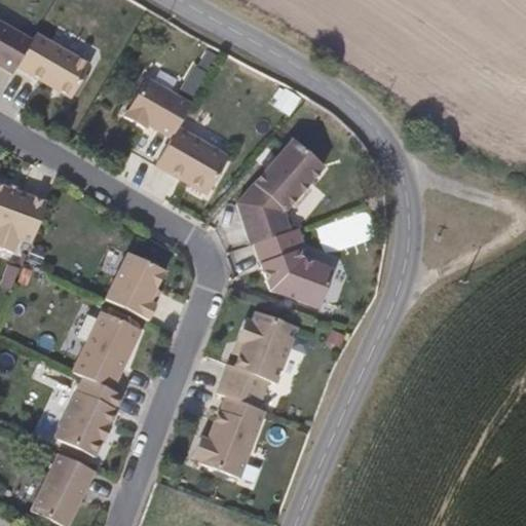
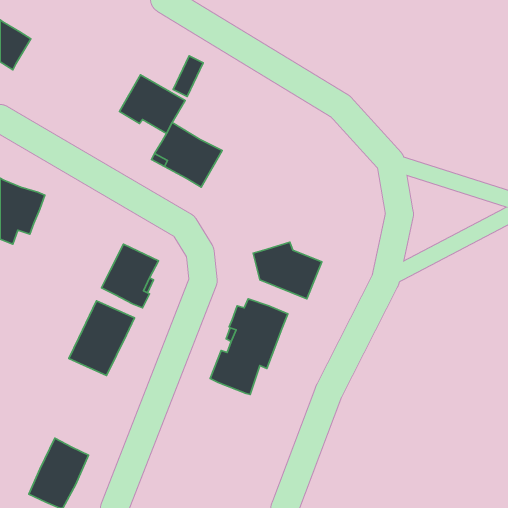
building: [17,34,90,98] -> none
building: [237,141,324,242] -> none
building: [53,375,120,455] -> none
building: [193,394,265,478] -> none

